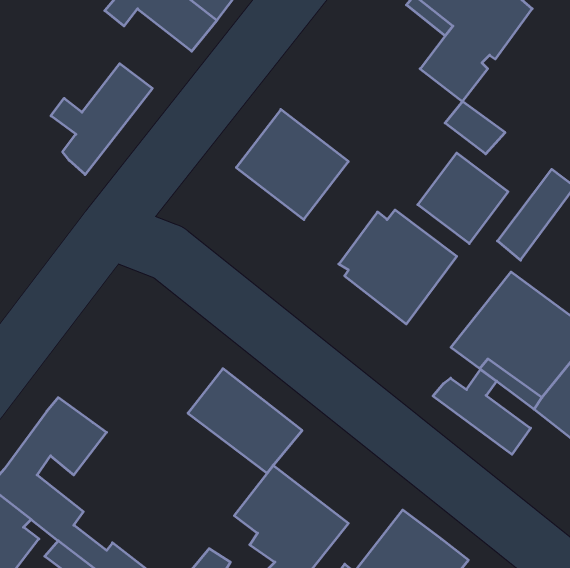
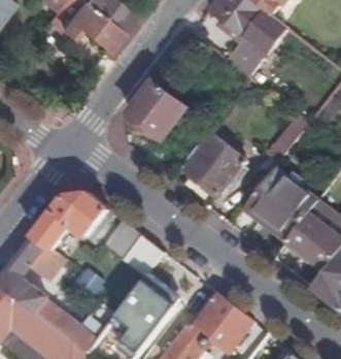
building: [51,64,152,175] -> none
building: [418,153,508,244] -> none
building: none -> [33,192,112,248]
building: [433,370,531,454] -> none

